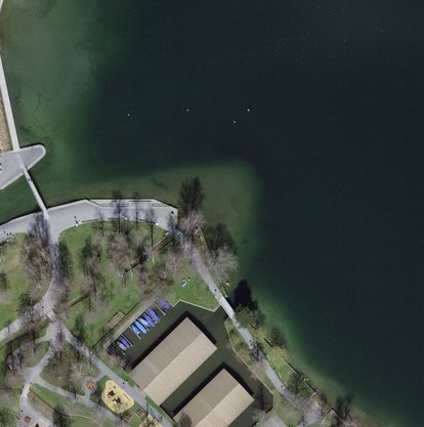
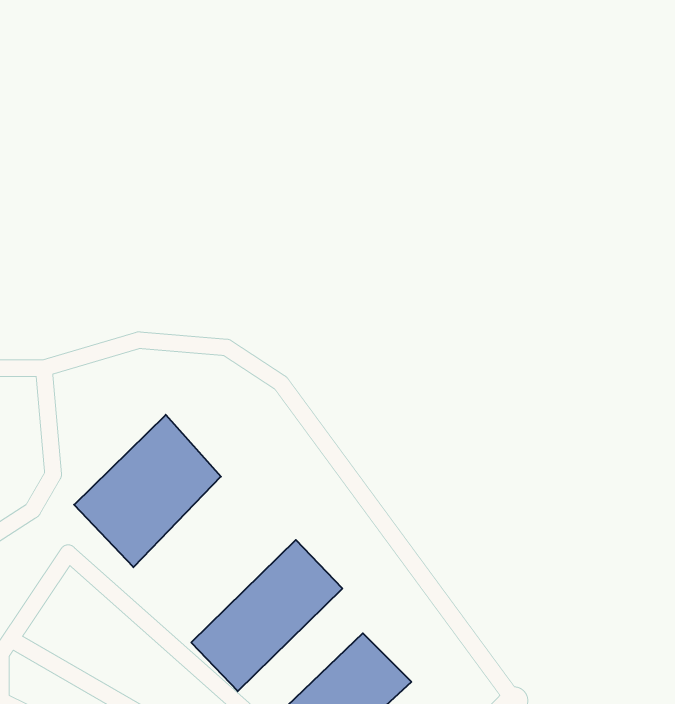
building: none -> [74,415,221,567]

